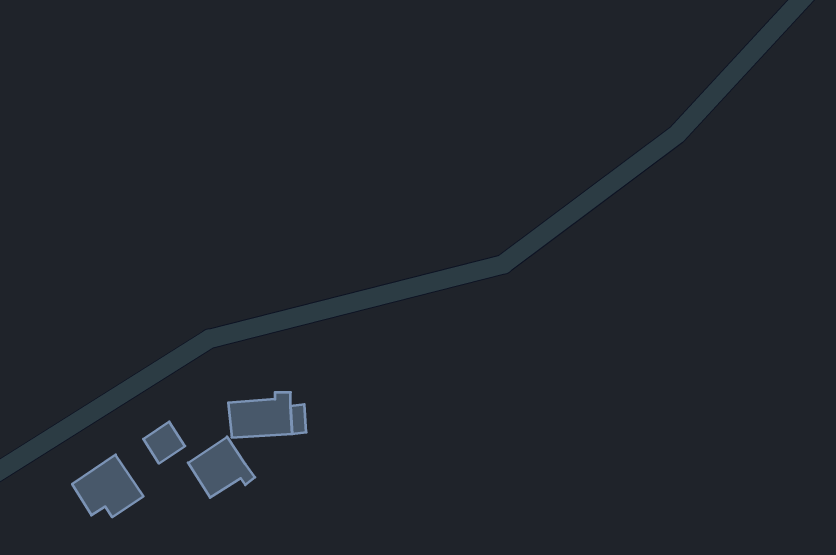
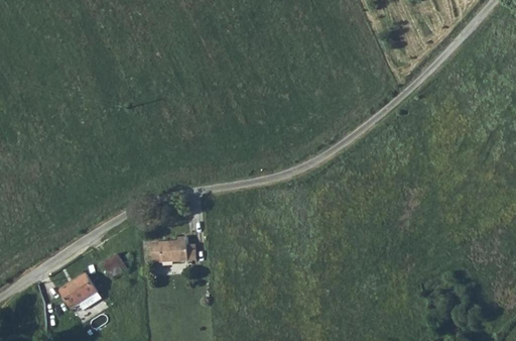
building: [188,437,255,498] -> none

